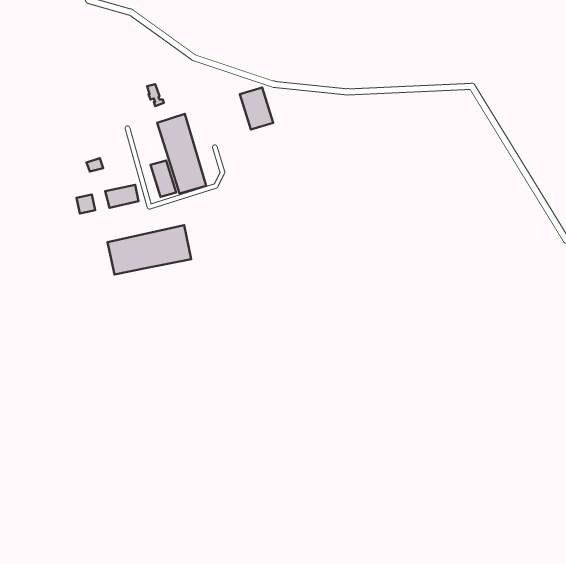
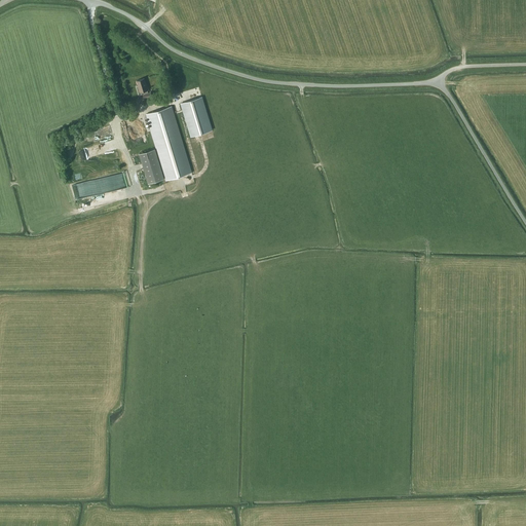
building: [240,87,273,129] -> [181,98,212,137]
building: [107,225,191,274] -> none

